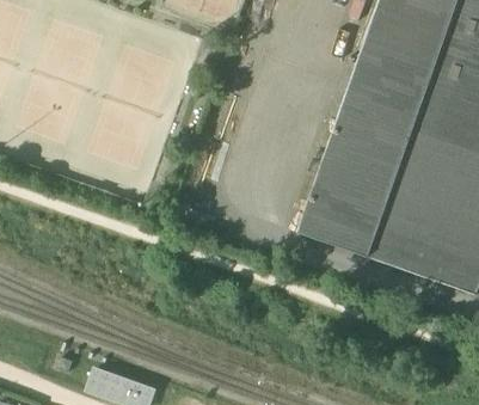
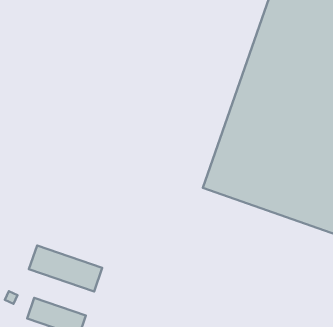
building: none -> [29,246,102,291]

